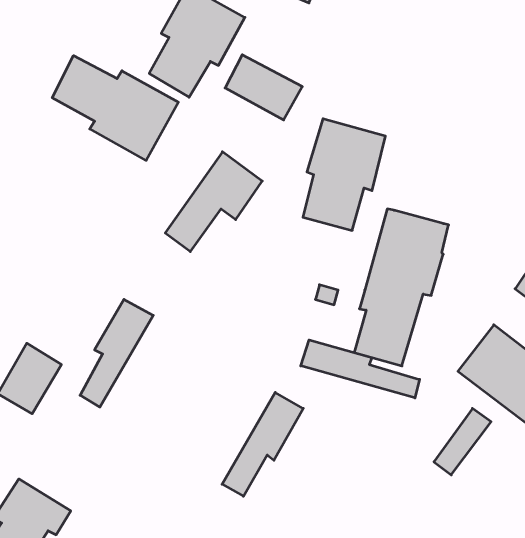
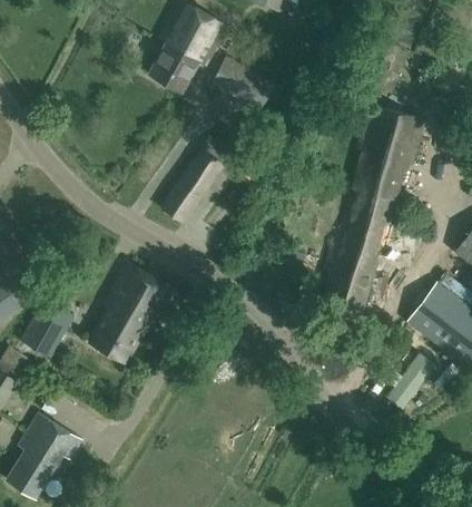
building: [52,56,178,160] -> none
building: [303,119,385,230] -> [353,106,422,199]
building: [301,340,420,398] -> none
building: [222,392,303,496] -> [107,276,175,363]

